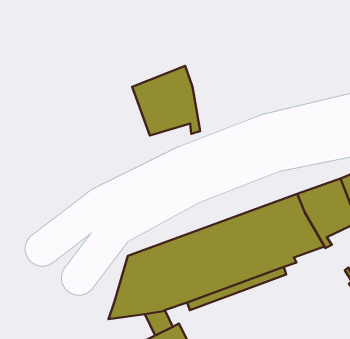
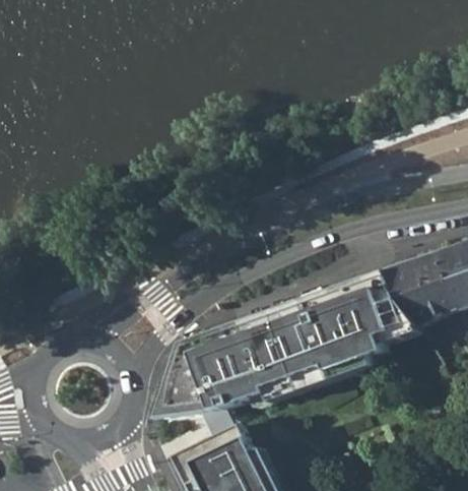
building: [132,66,200,135] -> none

